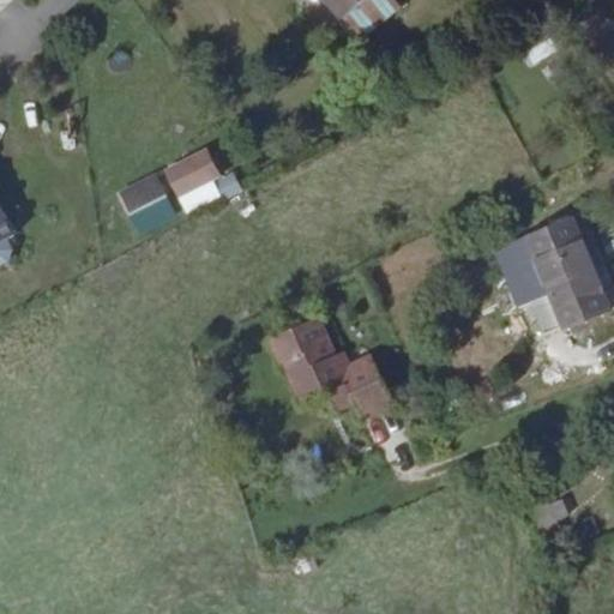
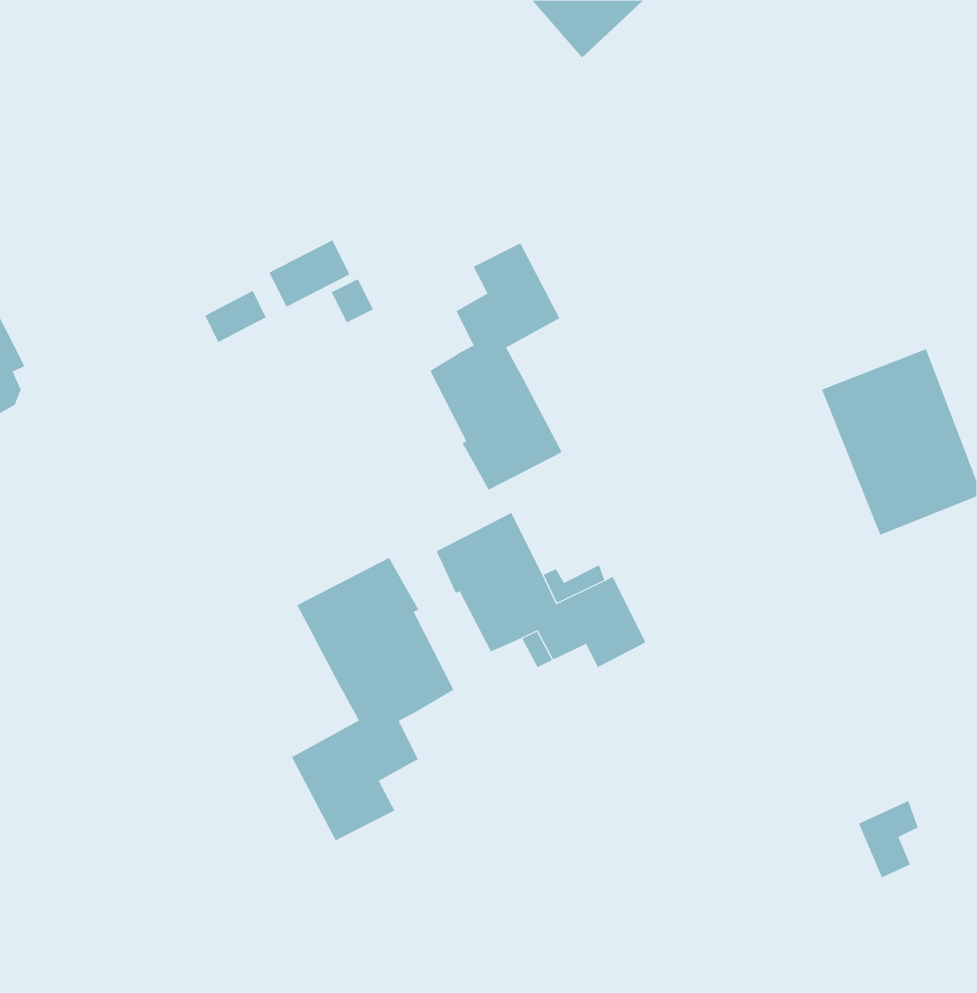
building: none -> [430,242,562,490]
building: none -> [291,557,454,841]

